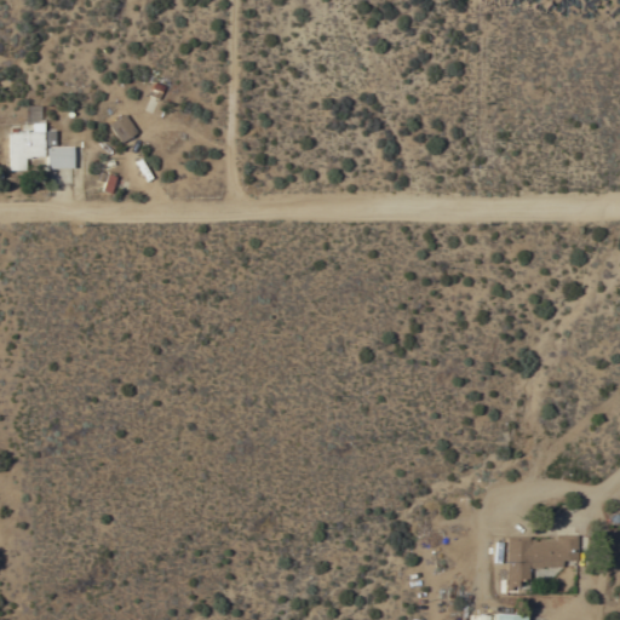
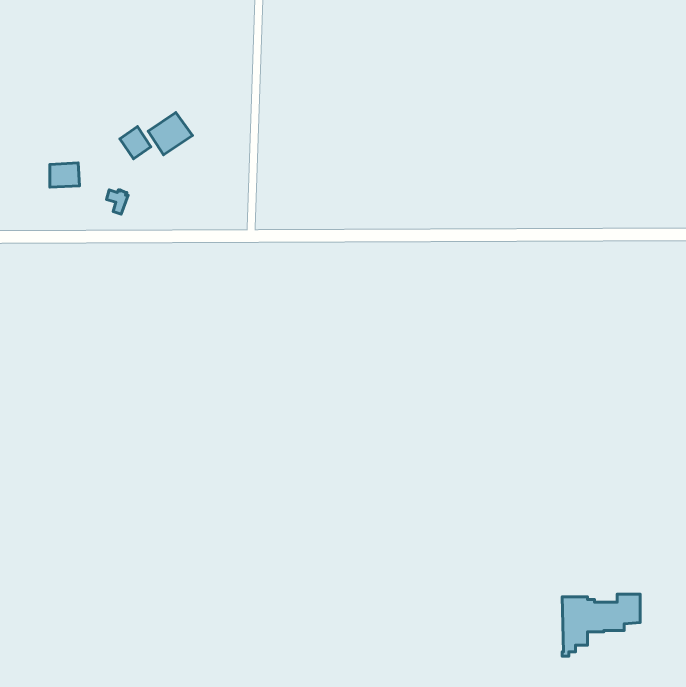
building: none -> [148,113,193,155]
building: [10,107,46,171] -> none

